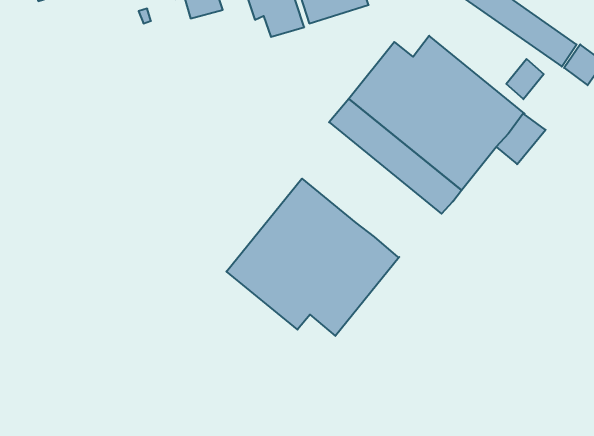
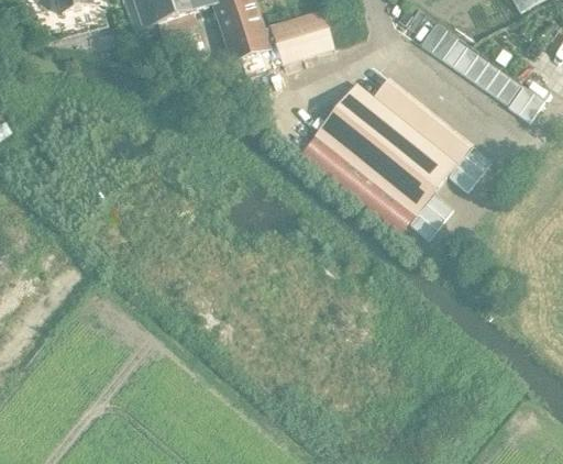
building: [506,59,544,99] -> none
building: none -> [409,194,452,239]
building: [226,179,399,336] -> none

